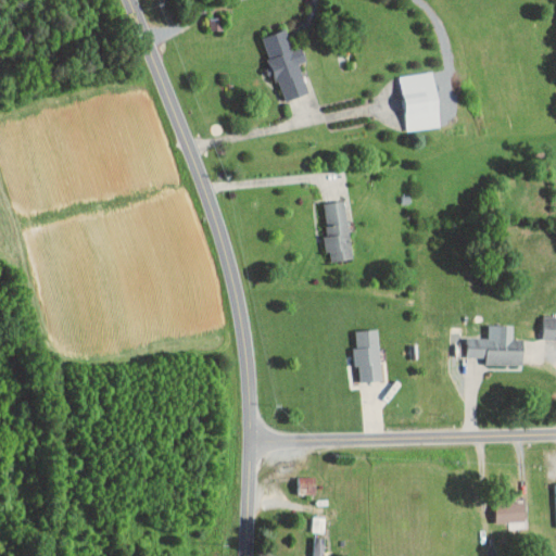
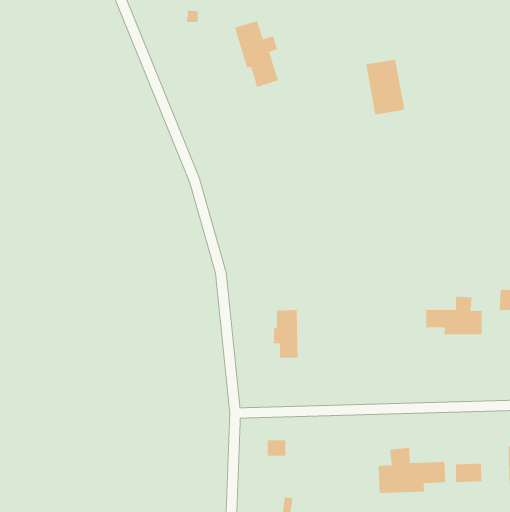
building: [323,202,352,263] -> none
building: [353,330,380,382] -> [273,309,299,358]
building: none -> [378,447,446,494]

